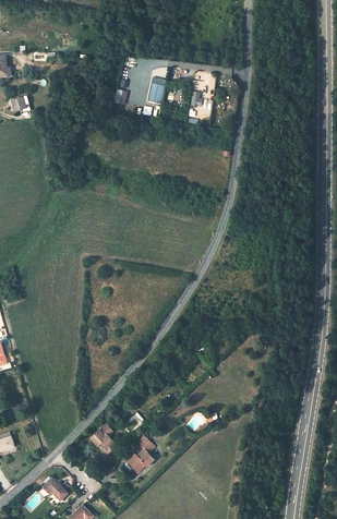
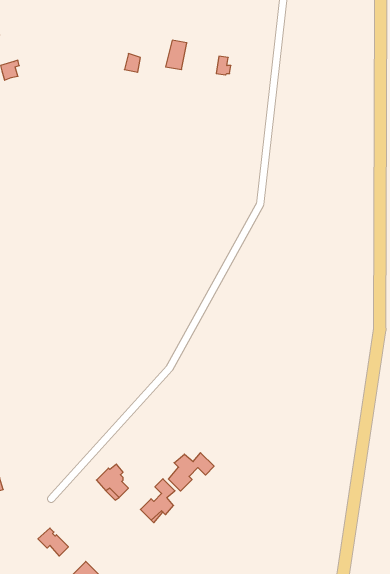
building: none -> [168,453,214,491]

